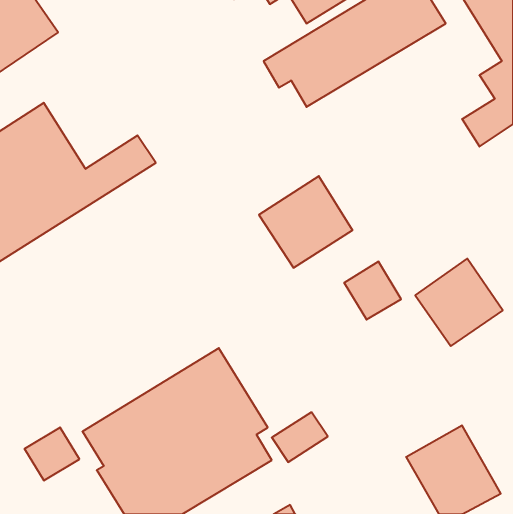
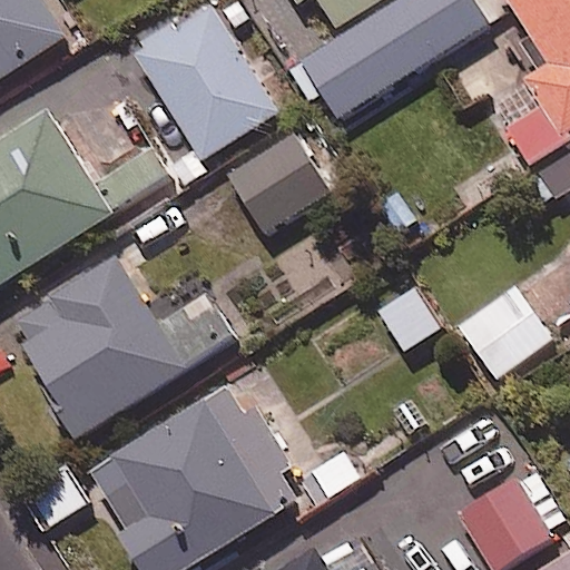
building: none -> [134,4,276,159]
building: [259,176,353,268] -> [226,132,328,233]
building: none -> [8,258,233,438]

